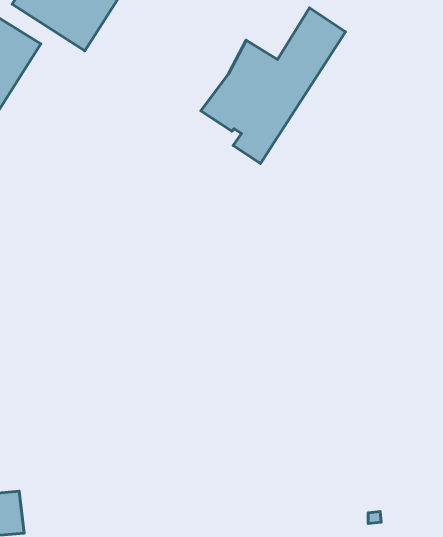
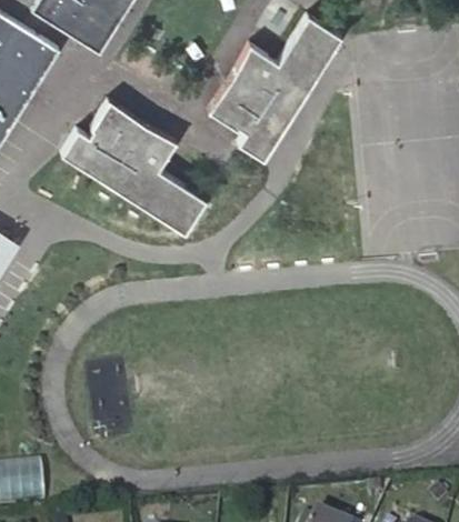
building: none -> [62,99,206,232]

